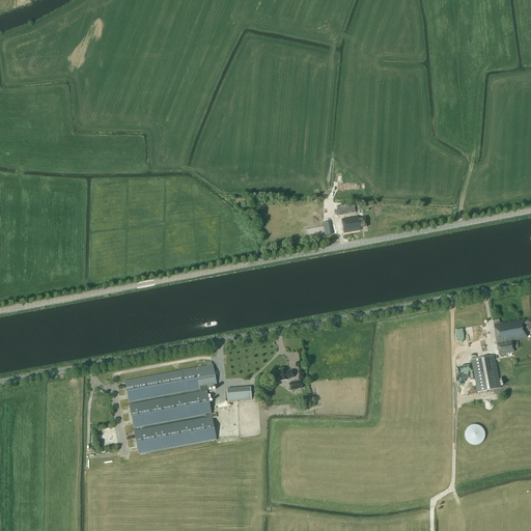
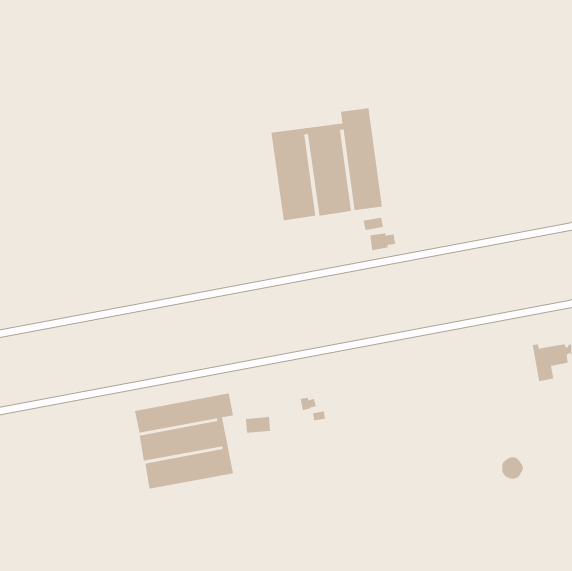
building: none -> [271,107,383,221]
building: [472,355,500,391] -> none

